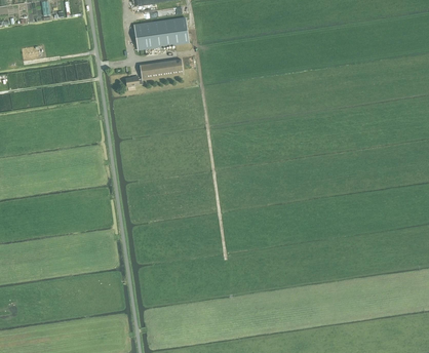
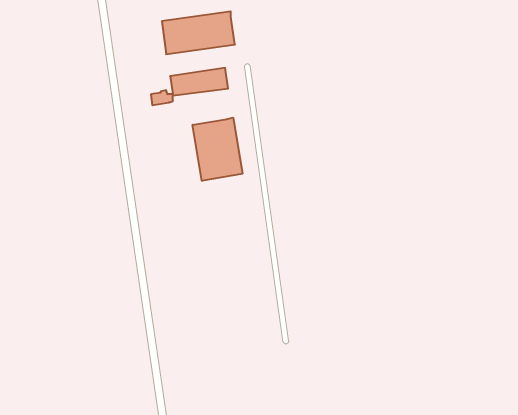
building: none -> [193,118,242,181]

